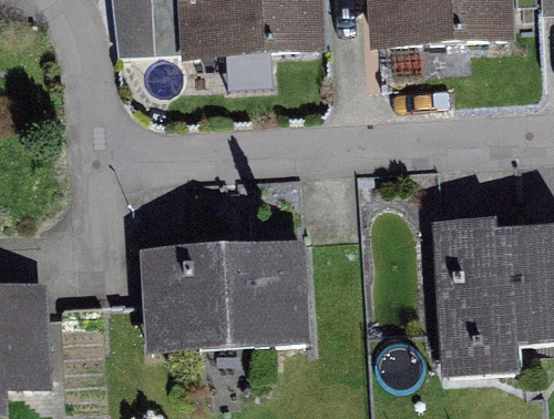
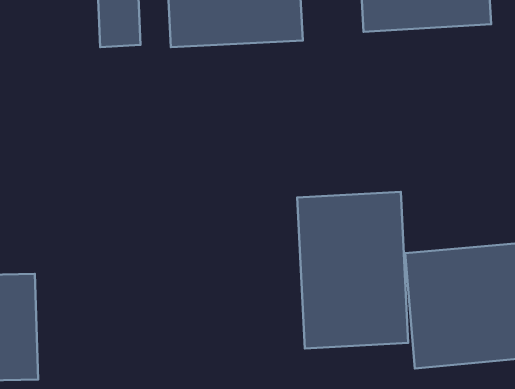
building: none -> [297,192,408,349]
building: [148,244,308,345] -> none

